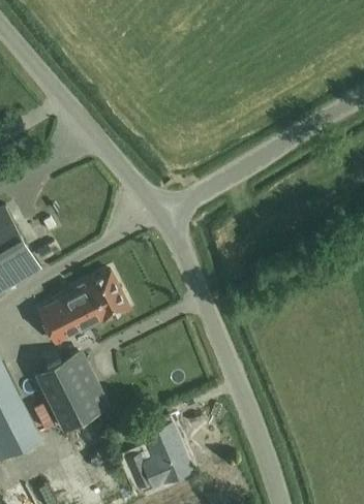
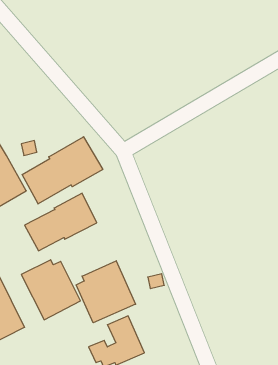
building: none -> [22,137,103,204]
building: none -> [76,261,136,323]

